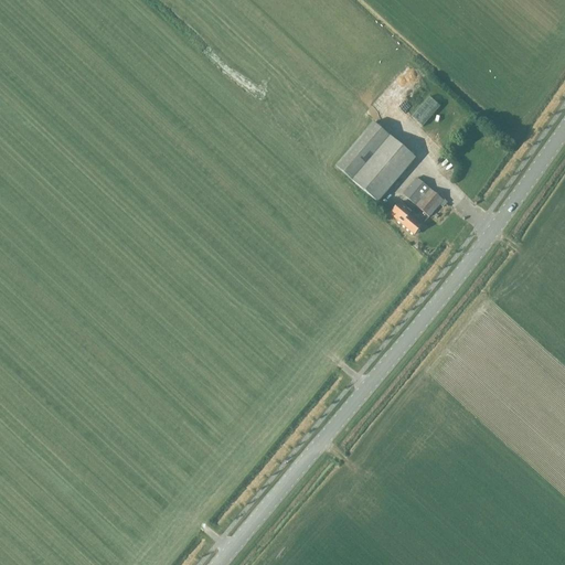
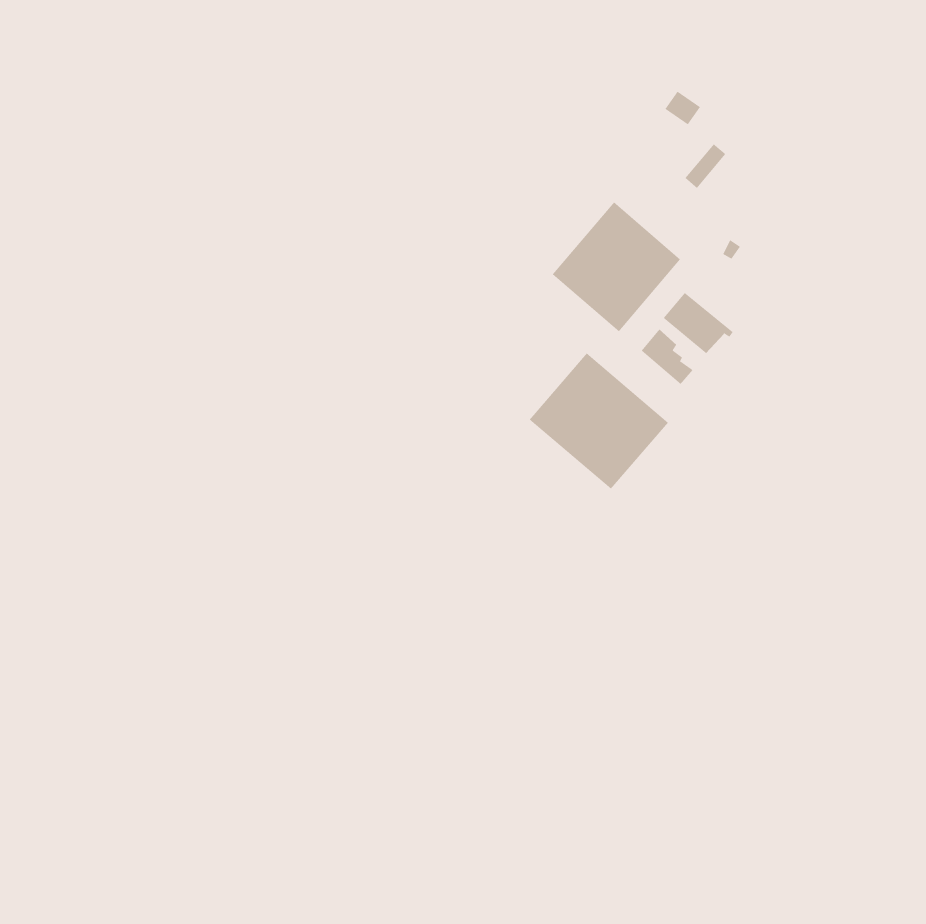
building: none -> [529,353,669,490]

